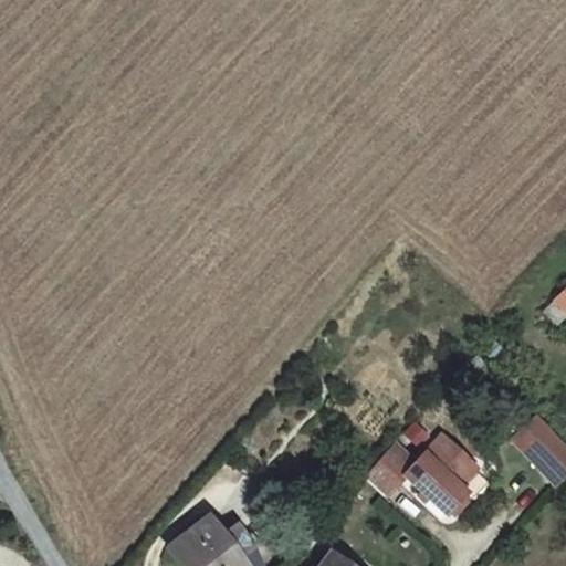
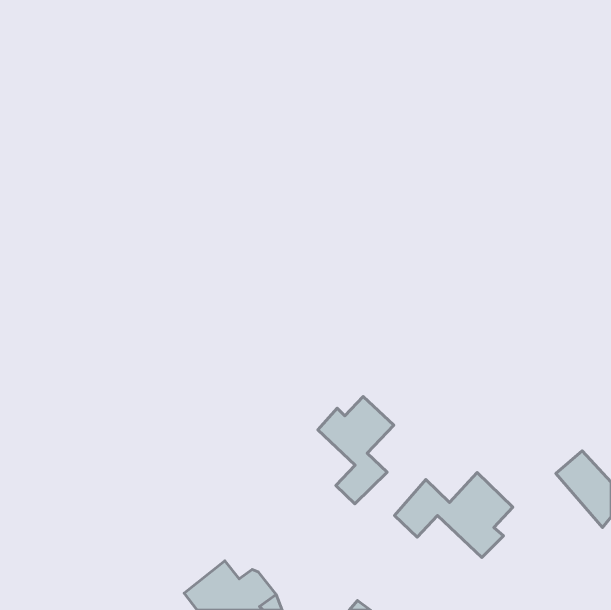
building: none -> [318,397,394,504]

